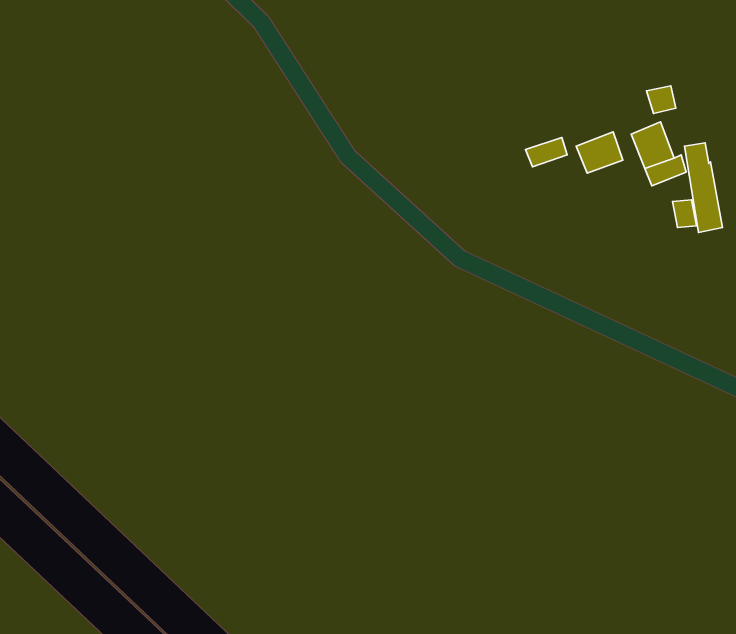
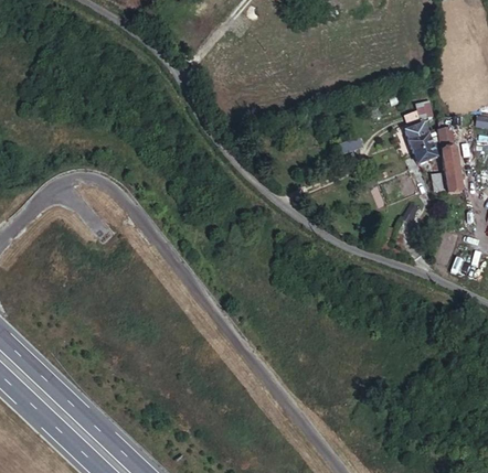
building: [576,132,623,173] -> none

